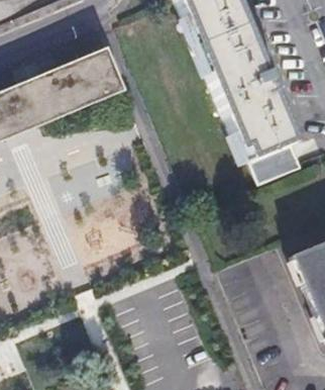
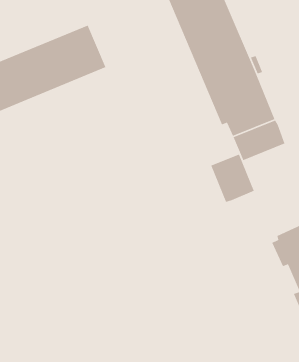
building: none -> [210,153,255,203]

